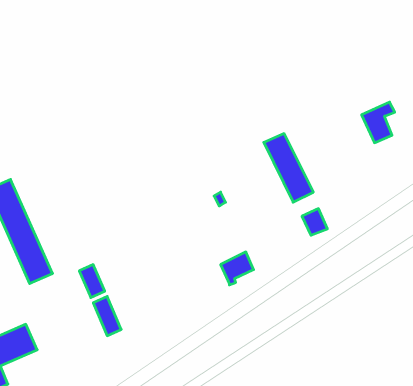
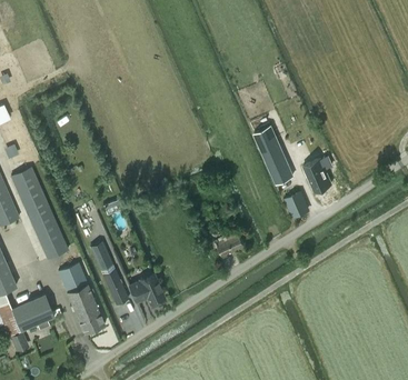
building: [362,102,395,143] -> [302,157,331,192]
building: none -> [58,263,105,334]
building: none -> [129,273,163,303]

